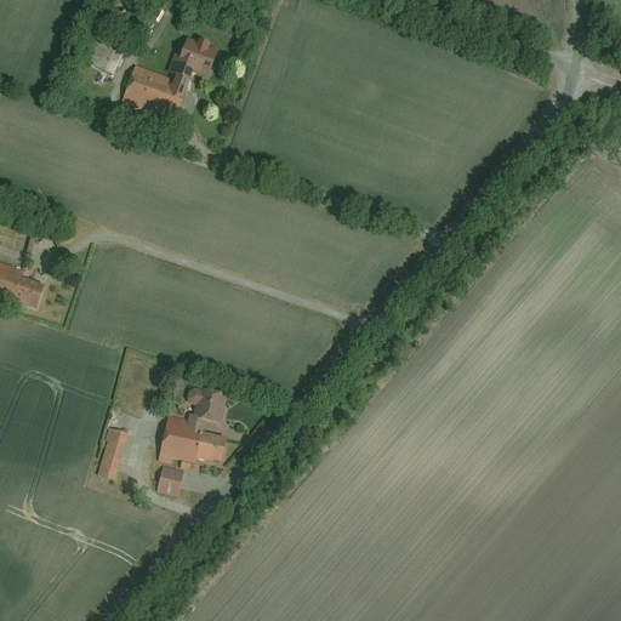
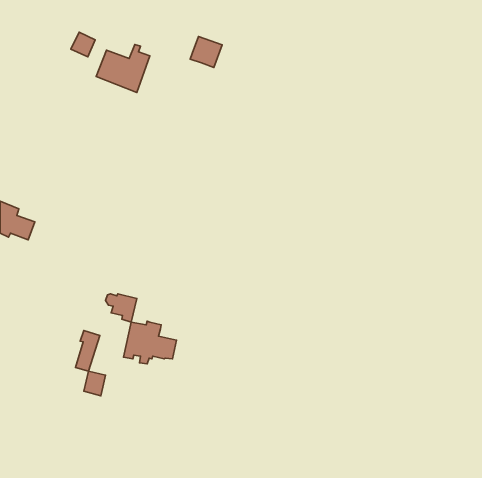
building: [178,38,220,78] -> [190,36,222,68]
building: [186,389,226,426] -> [106,294,137,322]
building: [156,463,184,495] -> [84,371,106,396]

